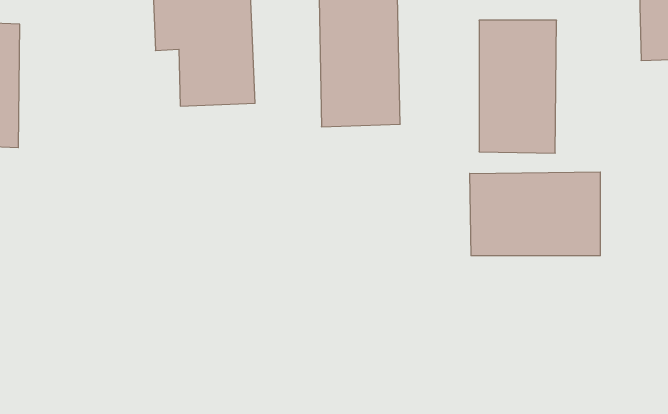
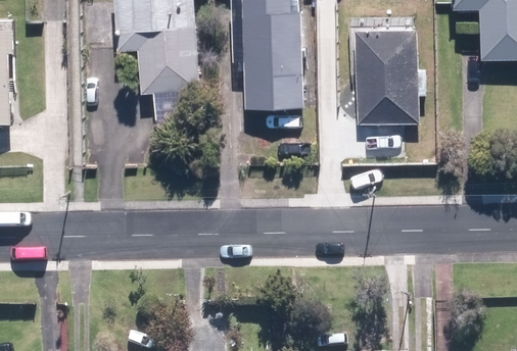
building: [470,172,600,256] -> none

